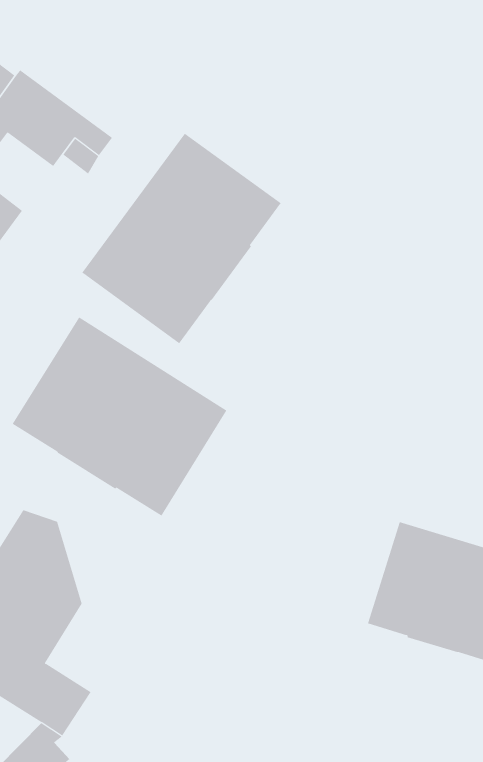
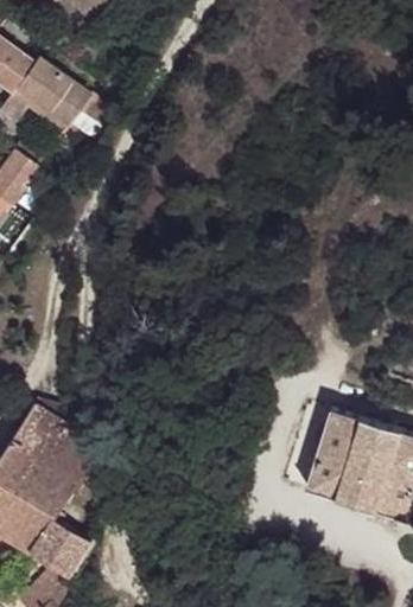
building: [82,133,282,344] -> none
building: [12,316,227,517] -> none

